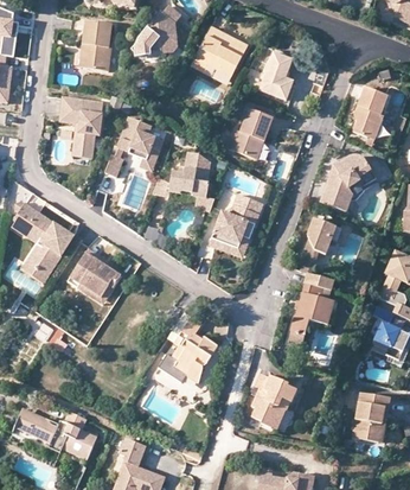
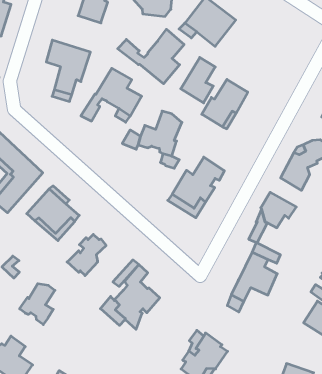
building: [260,52,293,98] -> [181,57,215,103]
building: none -> [118,29,184,84]
building: none -> [67,234,106,276]
building: none -> [20,284,55,325]

